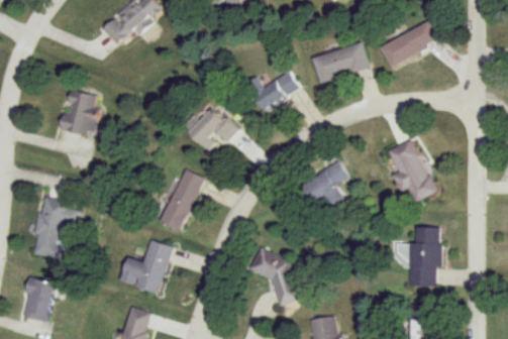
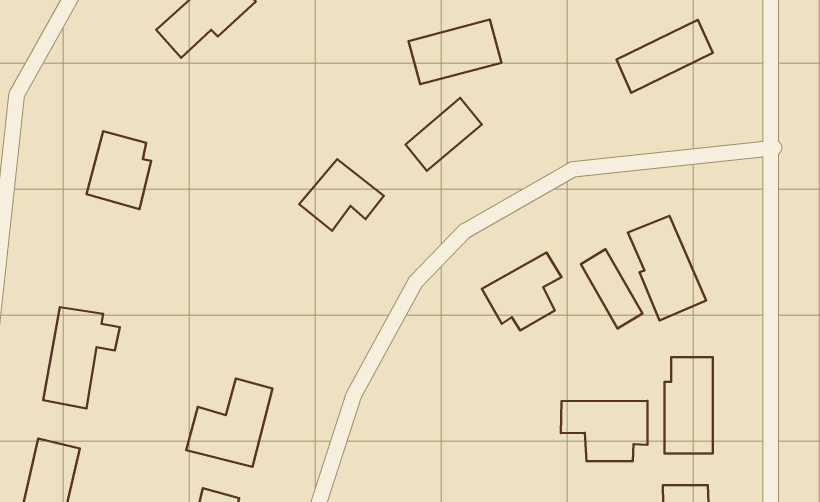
building: [312,42,369,82] -> [409,19,502,84]
building: none -> [581,249,642,329]
building: [161,168,202,230] -> none
building: [249,247,301,302] -> none
building: none -> [561,401,647,461]

